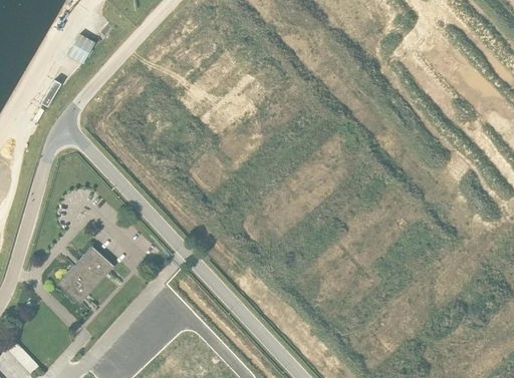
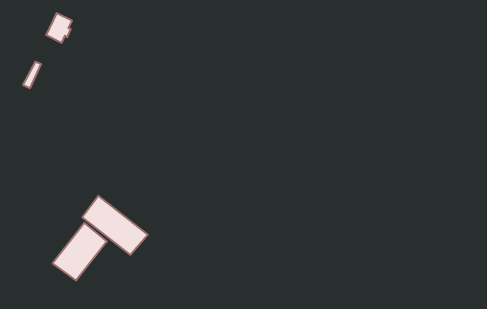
building: none -> [82,196,148,255]

